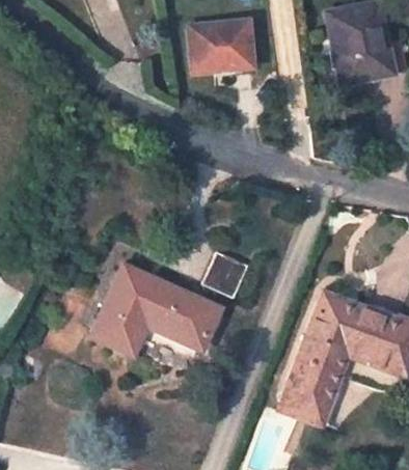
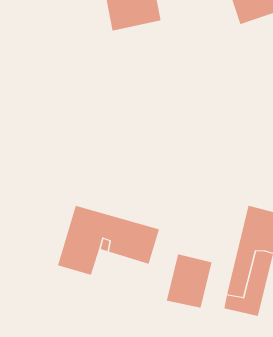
building: [203,252,247,297] -> none
building: none -> [166,253,212,308]

